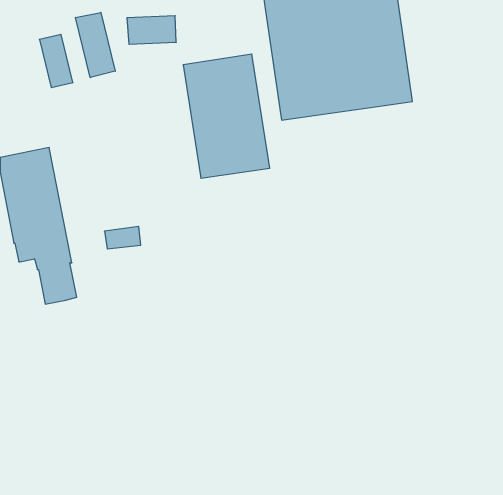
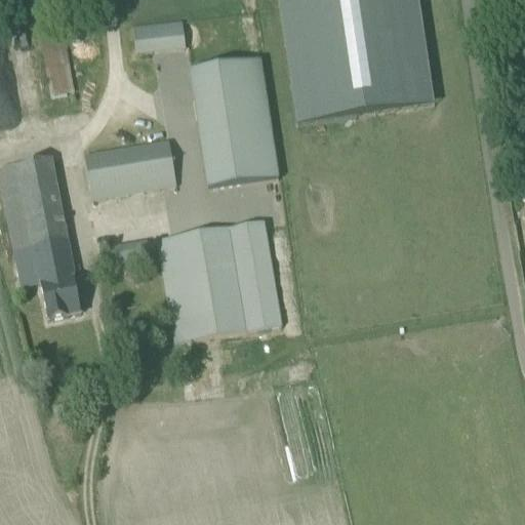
building: [76,12,115,78] -> none
building: none -> [85,143,175,191]
building: none -> [156,220,282,341]

